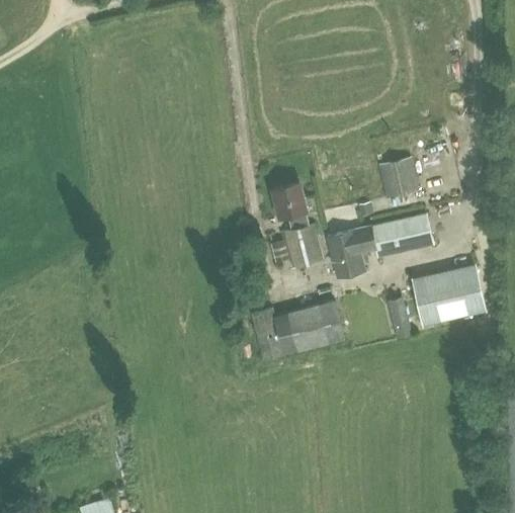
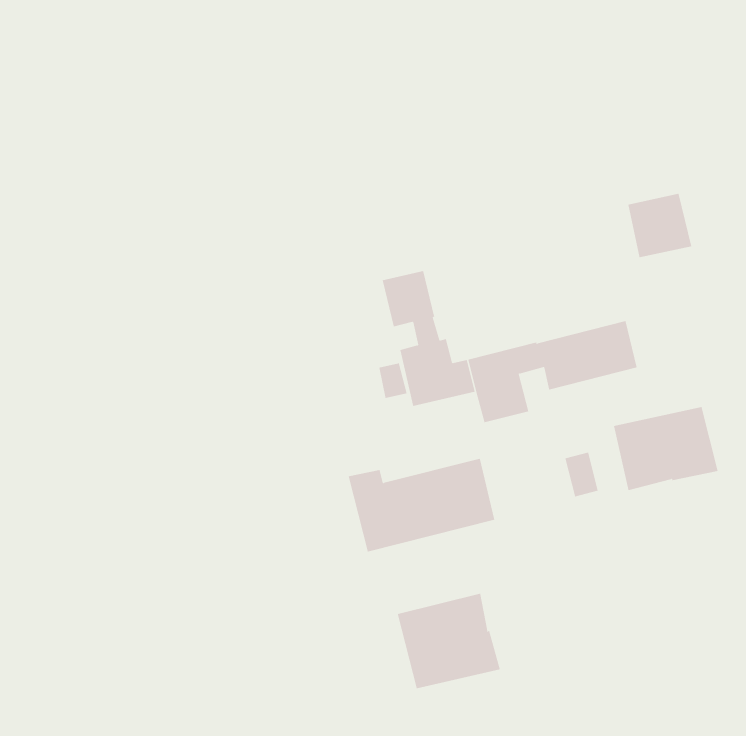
building: [378,157,419,197] -> [627,193,692,258]
building: none -> [397,593,500,689]

